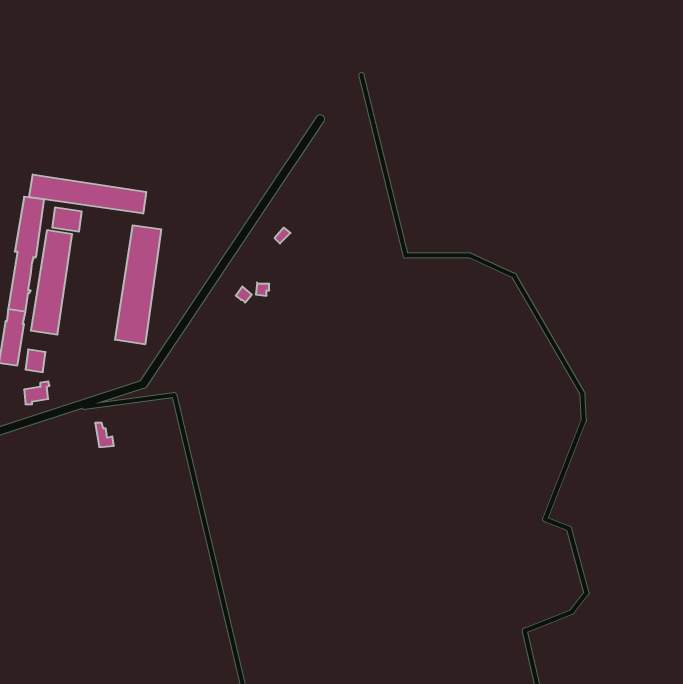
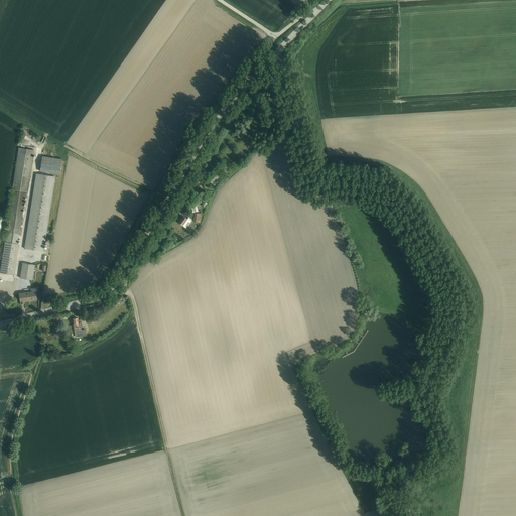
building: [29,174,146,214] -> none
building: [115,225,161,344] -> none

